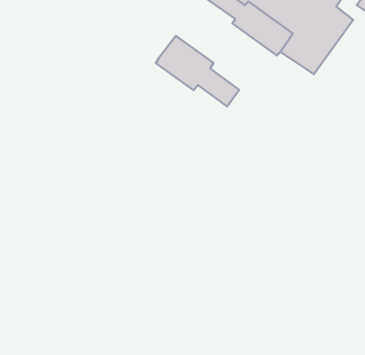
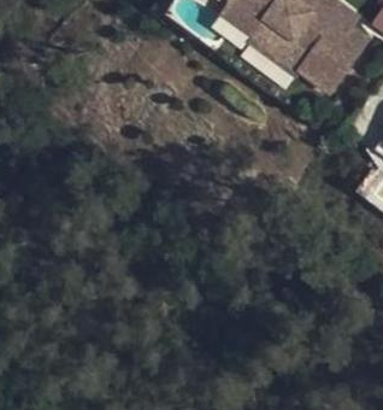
building: [156,36,239,107] -> none

